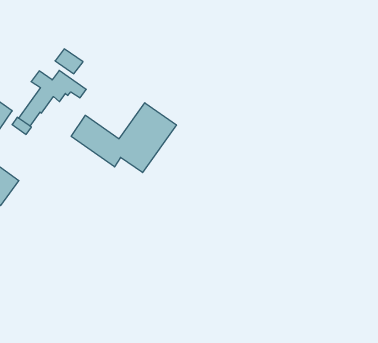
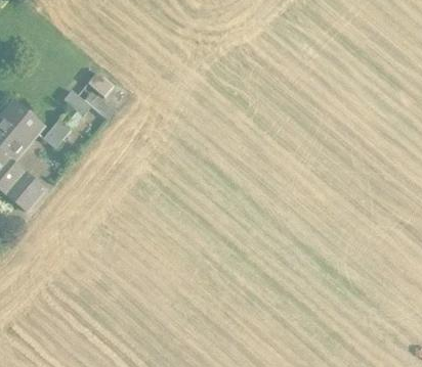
building: [71,103,176,173] -> none

